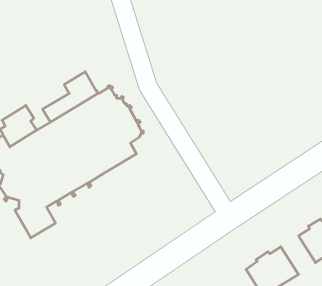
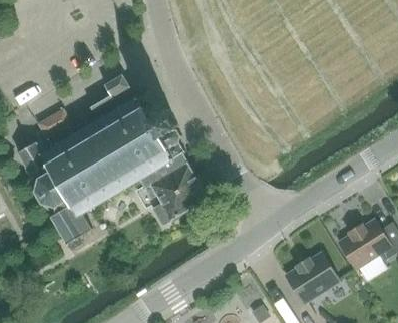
building: none -> [137,142,208,226]

